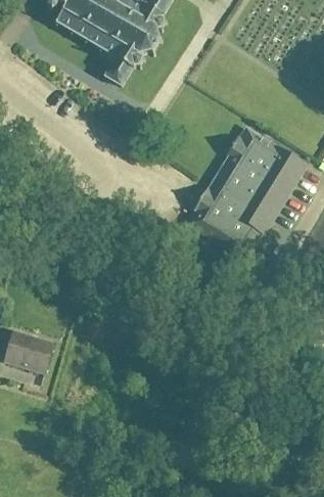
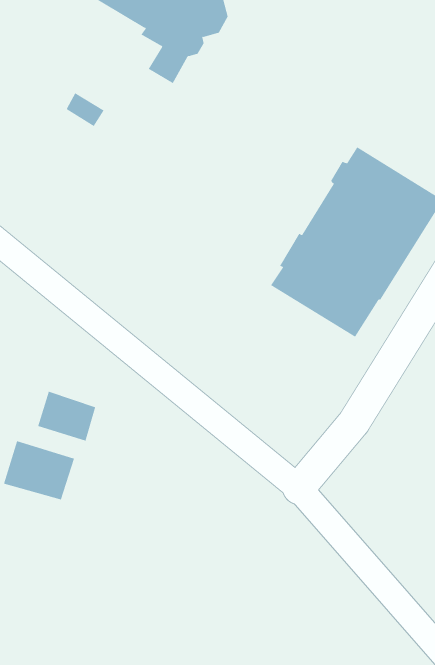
building: none -> [38,391,96,441]

